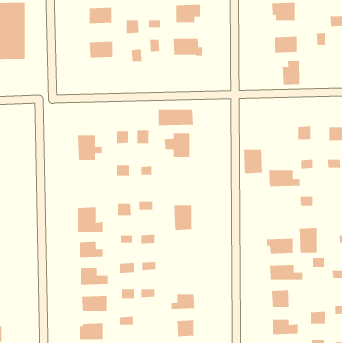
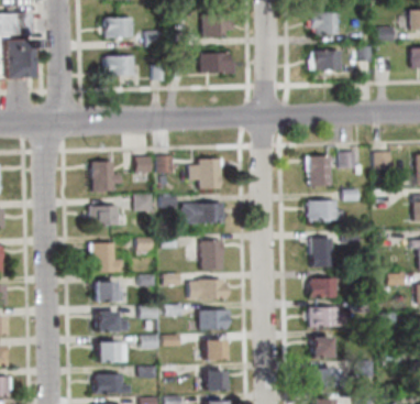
building: [282,60,300,85] -> none
building: [158,109,194,126] -> [184,203,224,222]
building: [243,149,263,174] -> [309,156,331,185]
building: none -> [90,205,117,223]
building: [299,227,317,254] -> [312,237,333,266]
building: none -> [189,280,225,298]
building: none -> [199,309,230,328]

